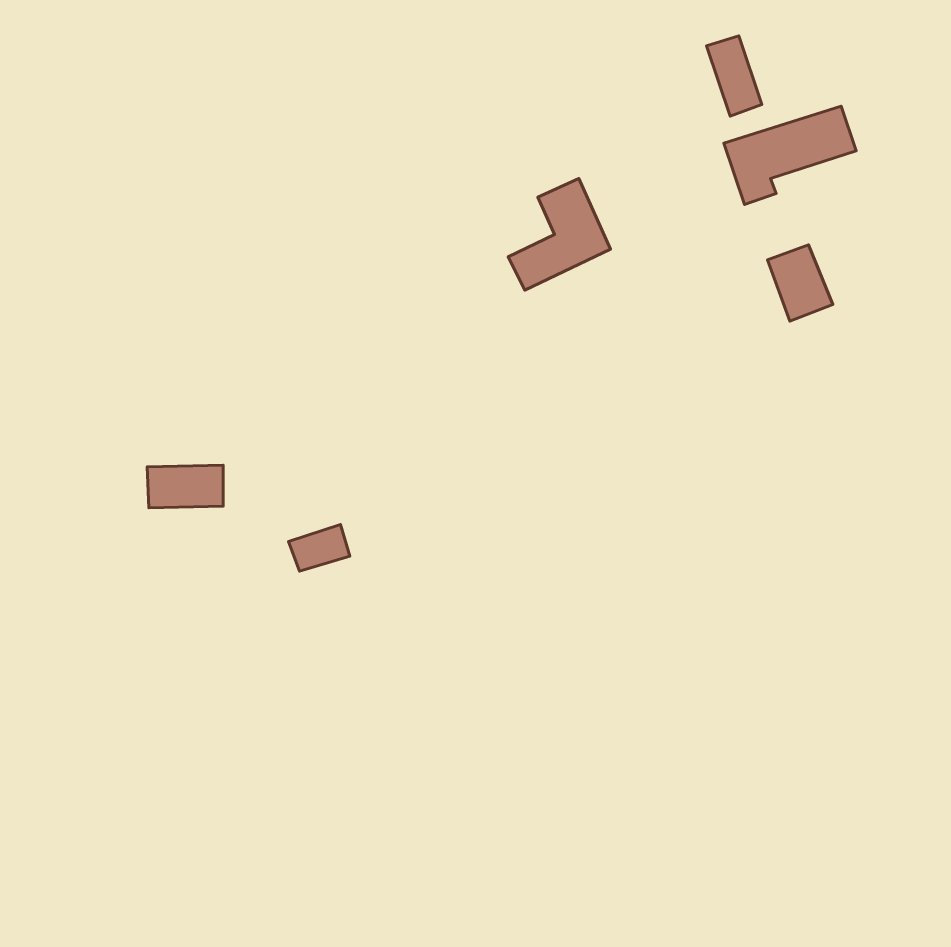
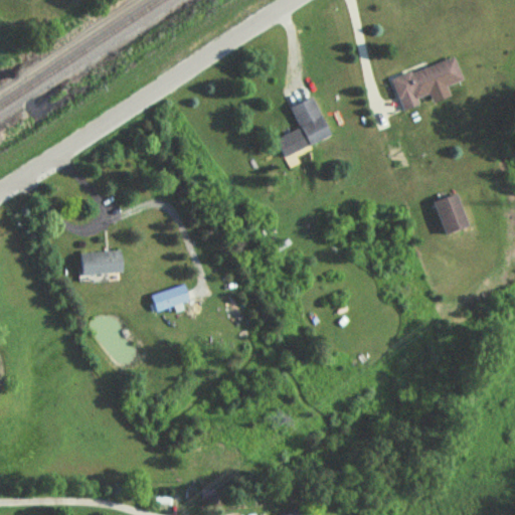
building: [707,36,762,116] -> none
building: [768,245,833,321] -> [435,194,470,235]

